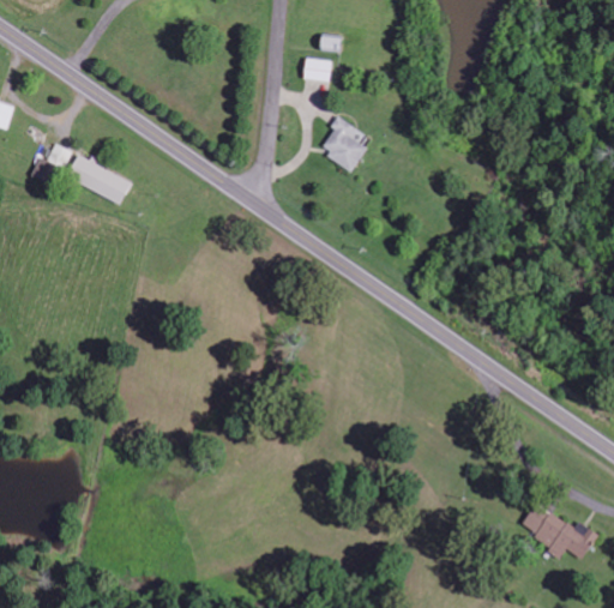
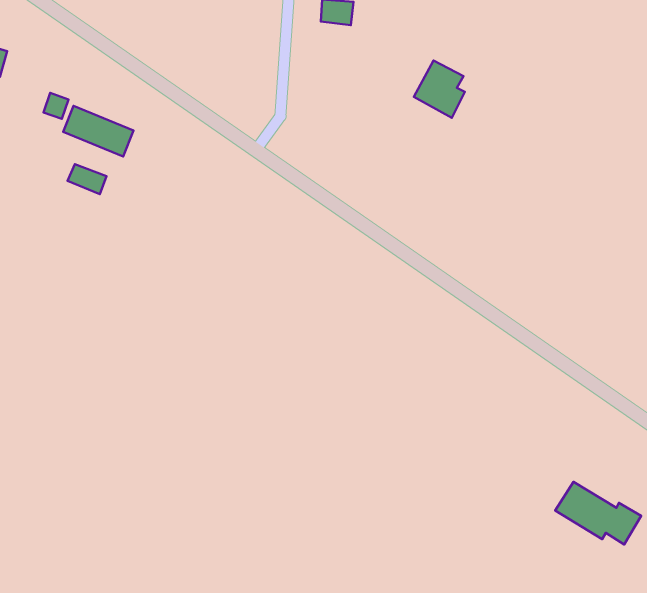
building: [319,118,366,170] -> [414,61,465,118]
building: none -> [68,164,107,194]

